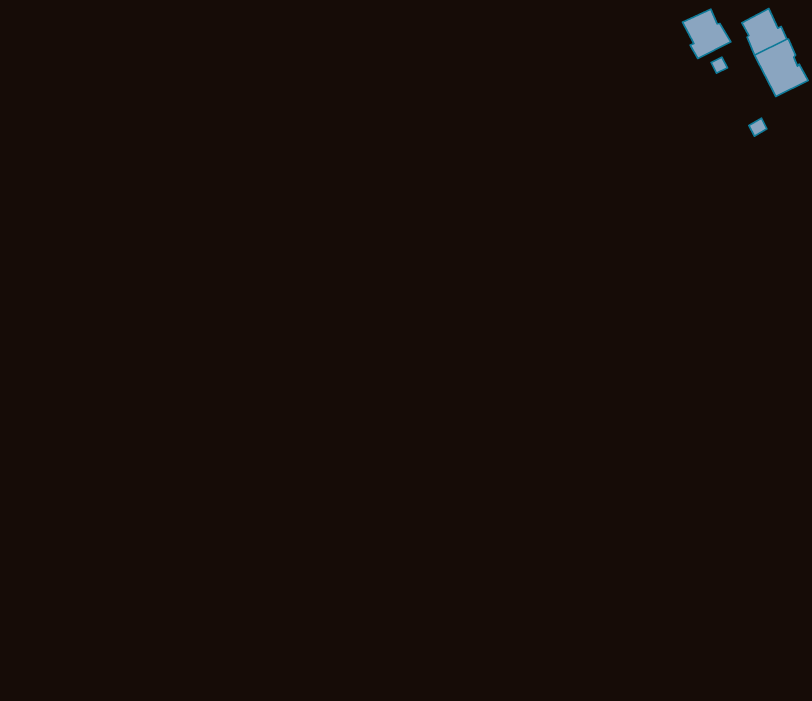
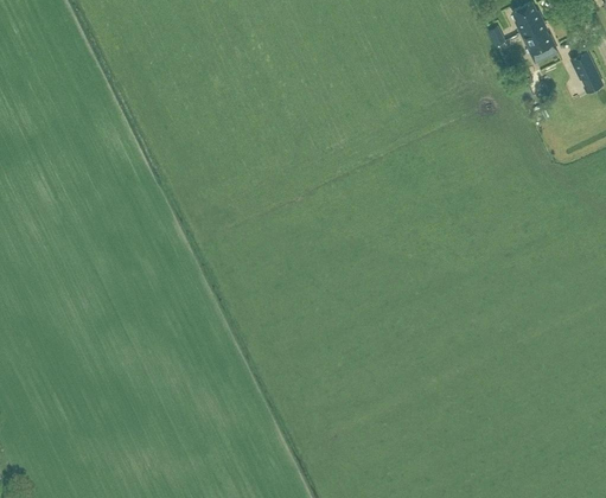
building: [682,9,731,59] -> none

